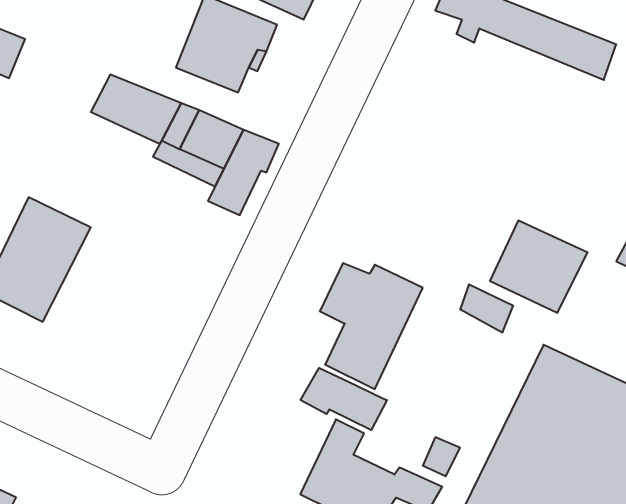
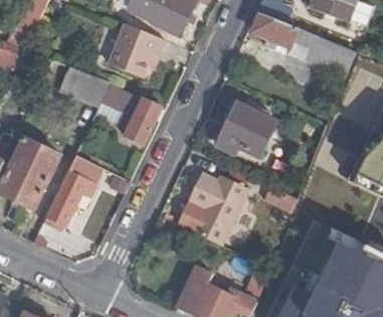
building: [490,220,588,313] -> [221,104,276,156]
building: none -> [42,153,102,228]
building: [301,368,387,430] -> none

